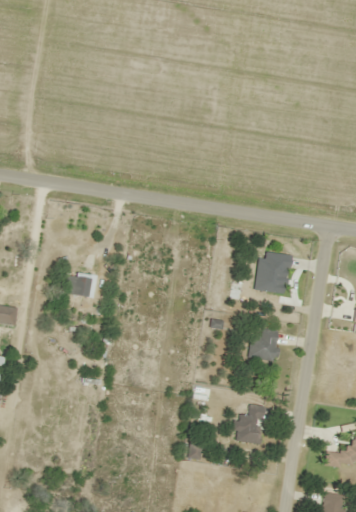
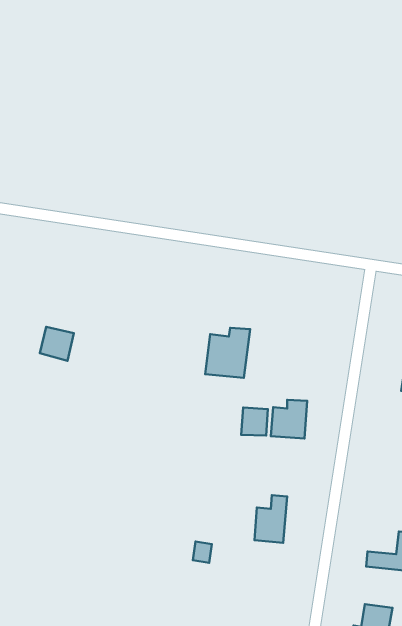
building: [256,253,292,293] -> [205,328,250,378]
building: none -> [241,407,268,436]

